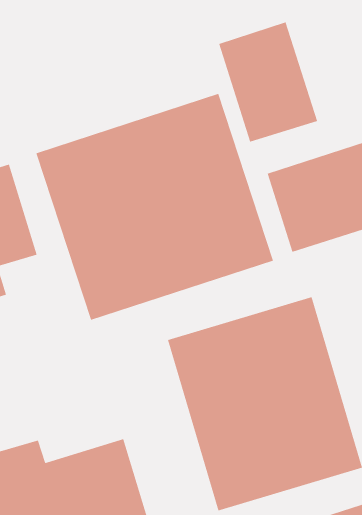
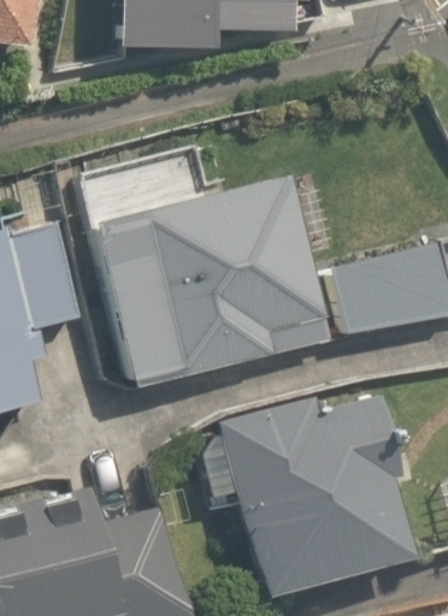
building: [218,21,318,142] -> none

